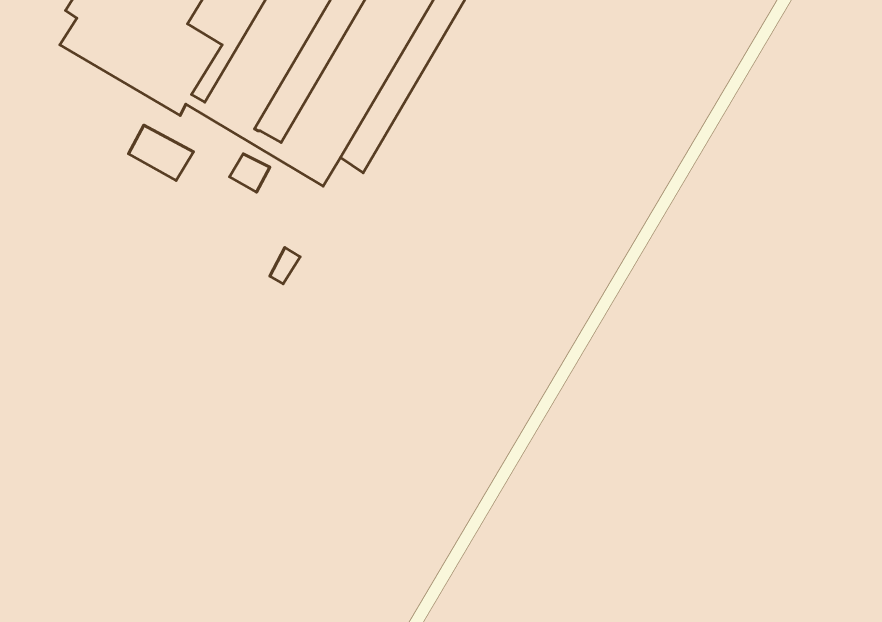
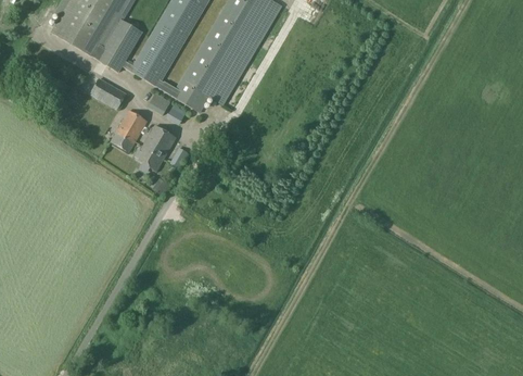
building: none -> [112,109,148,151]
building: none -> [136,125,176,171]

